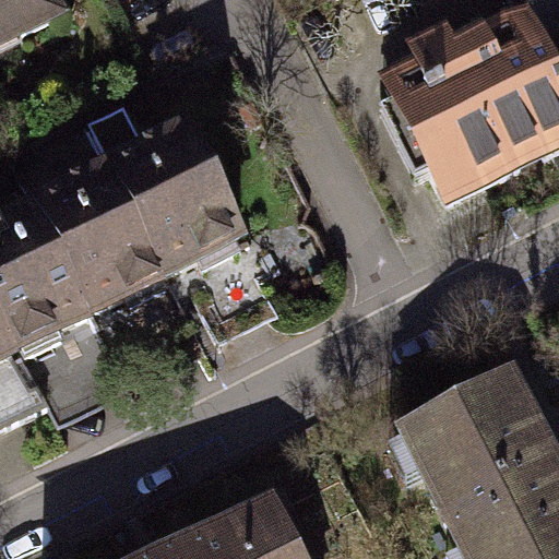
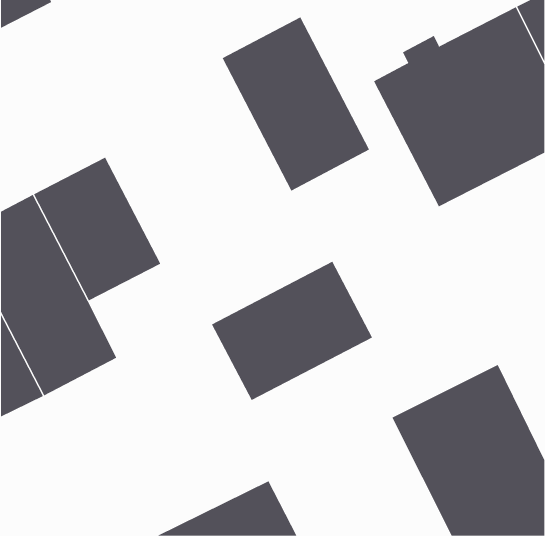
building: none -> [222,16,370,191]
building: [88,105,248,270] -> none
building: none -> [211,261,373,401]

